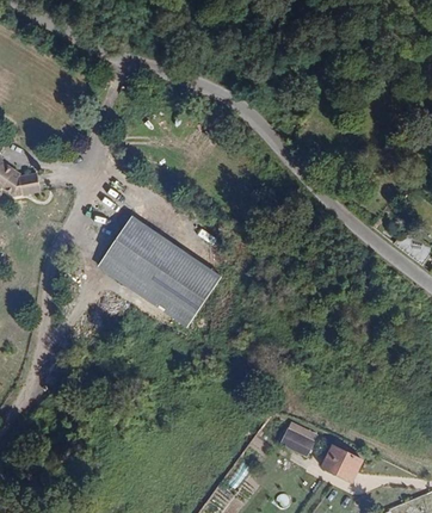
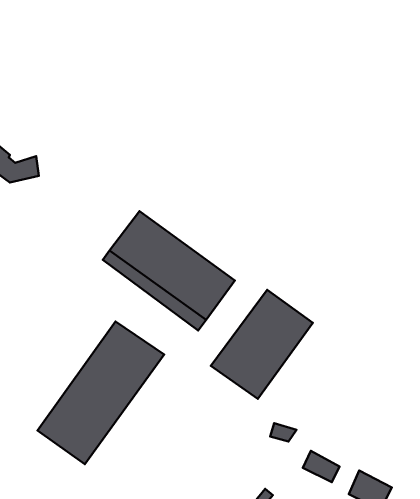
building: none -> [211,290,313,399]
building: none -> [38,321,164,464]

